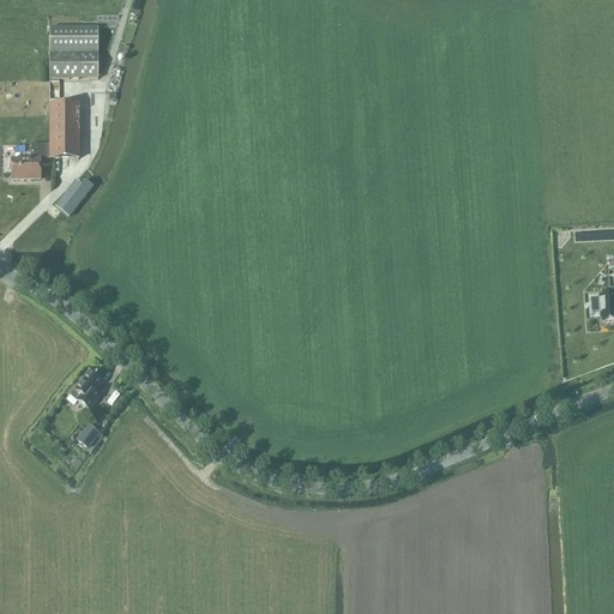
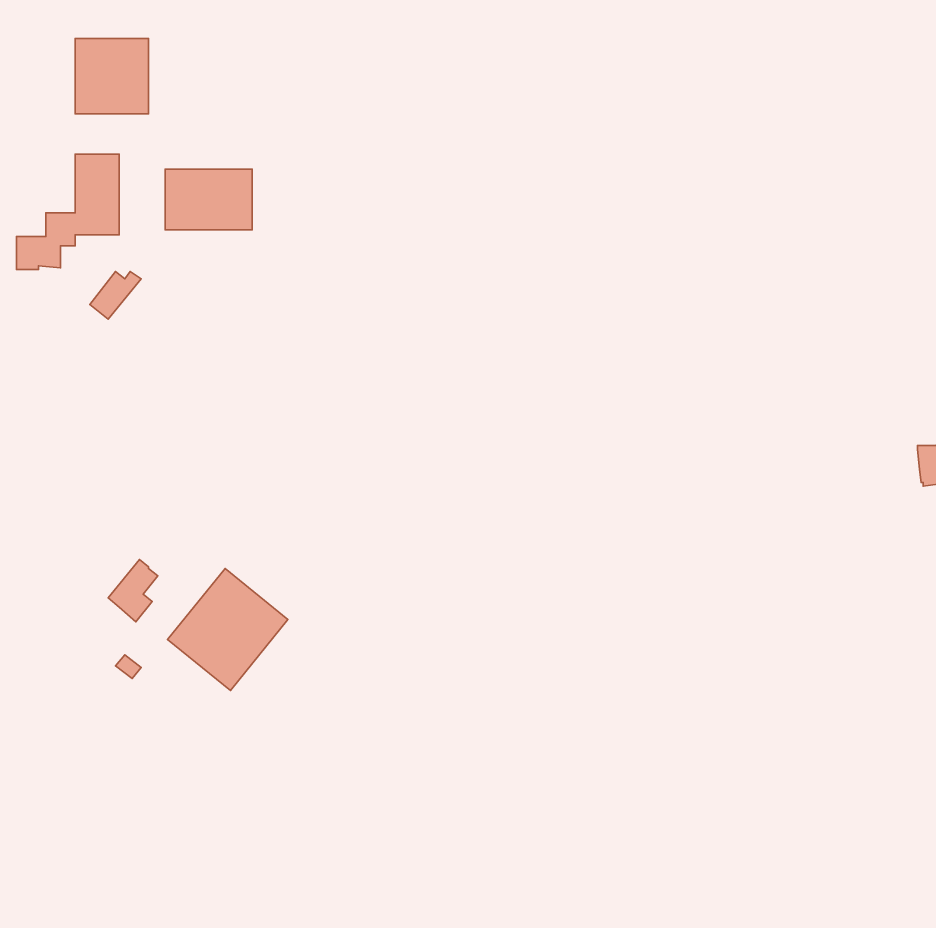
building: none -> [165,169,252,230]
building: none -> [168,569,288,690]

